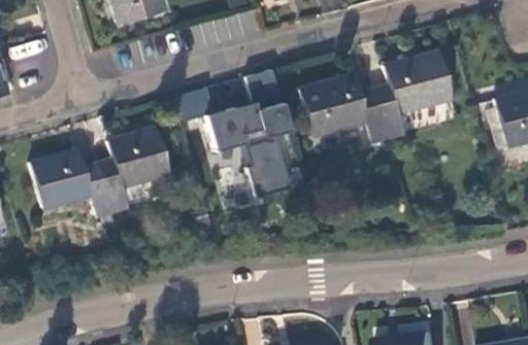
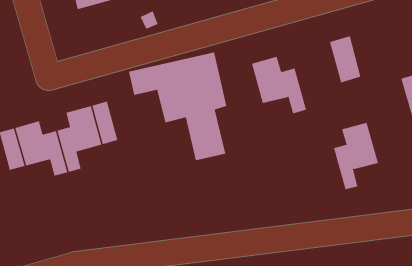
building: [373,59,426,137] -> [333,122,379,190]
building: [298,83,335,137] -> none

